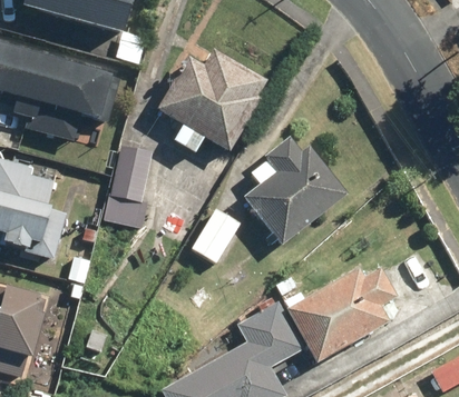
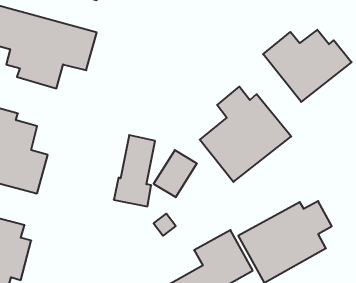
building: [156,50,265,153] -> none
building: none -> [263,30,352,102]
building: [101,146,149,228] -> [114,135,155,206]

